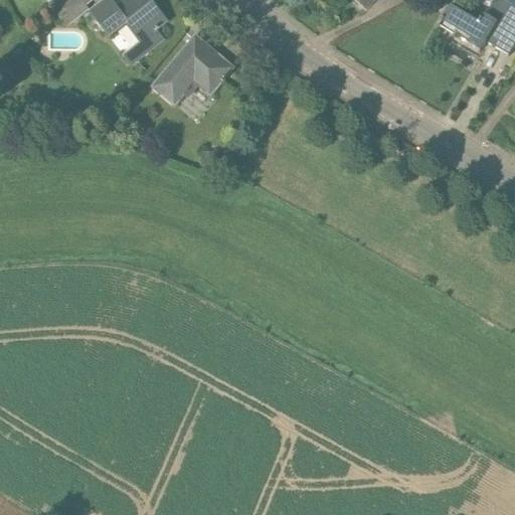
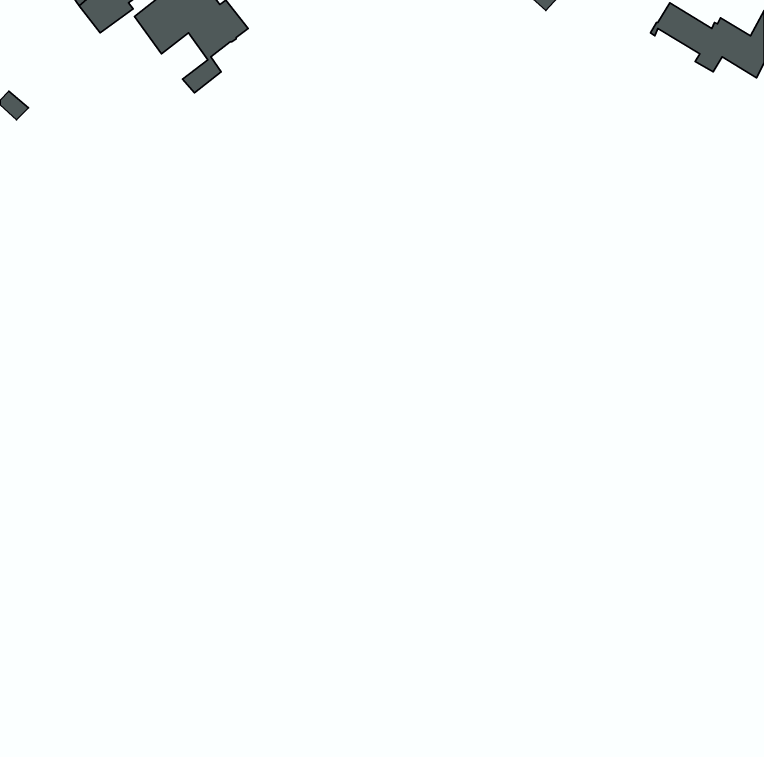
building: [152,33,233,105] -> none

